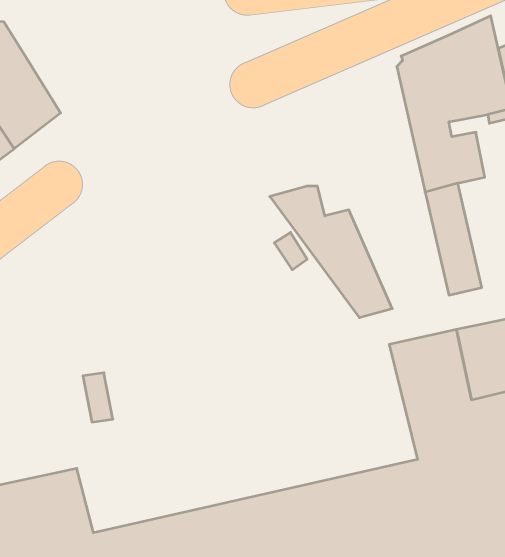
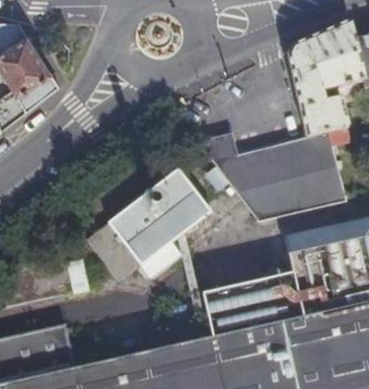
building: none -> [251,138,319,217]
building: none -> [90,171,213,283]
building: none -> [199,270,289,334]

